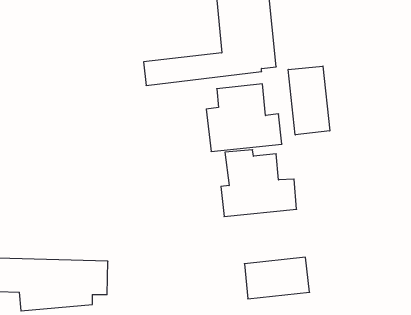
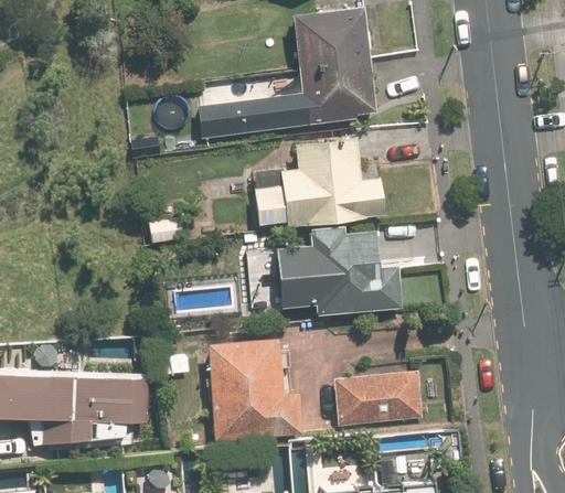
building: [288,66,330,135] -> none
building: none -> [206,339,301,442]

